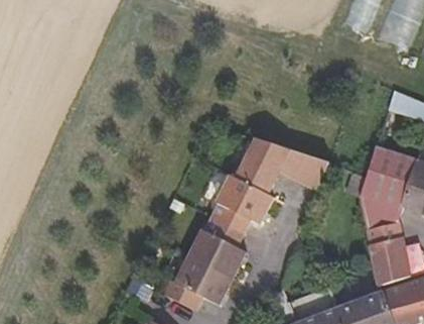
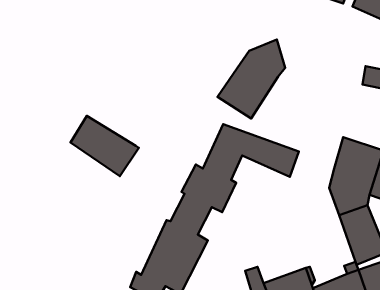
building: none -> [217,39,285,118]
building: none -> [71,116,139,176]

